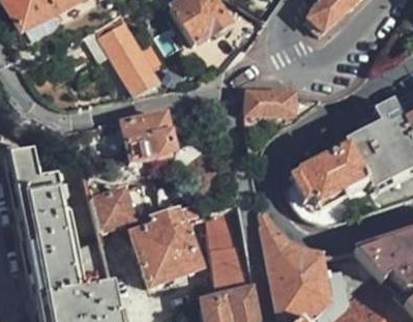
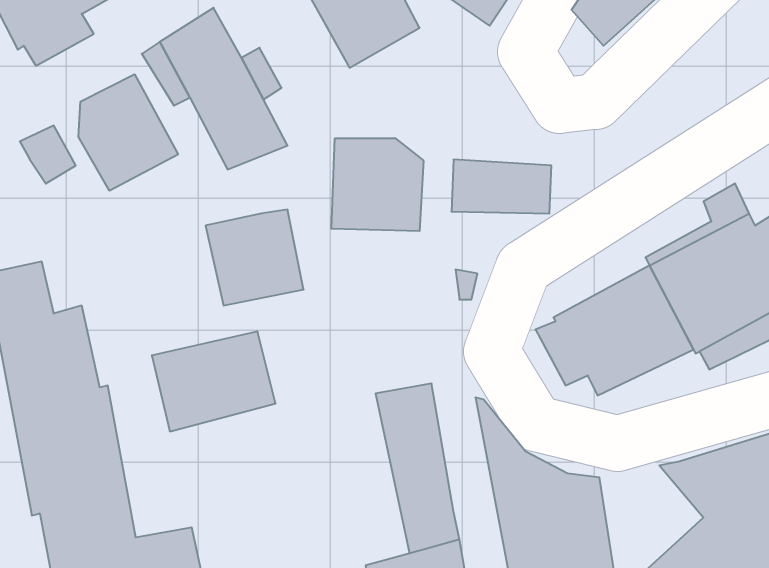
building: none -> [79,74,178,191]
building: none -> [331,138,423,231]
building: [135,203,202,281] -> none

